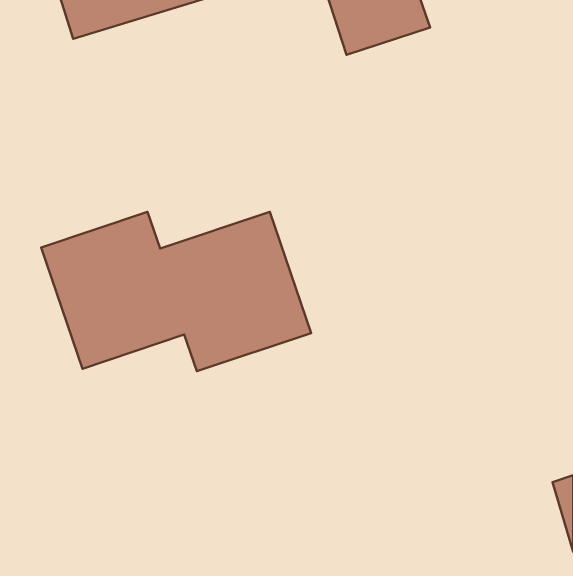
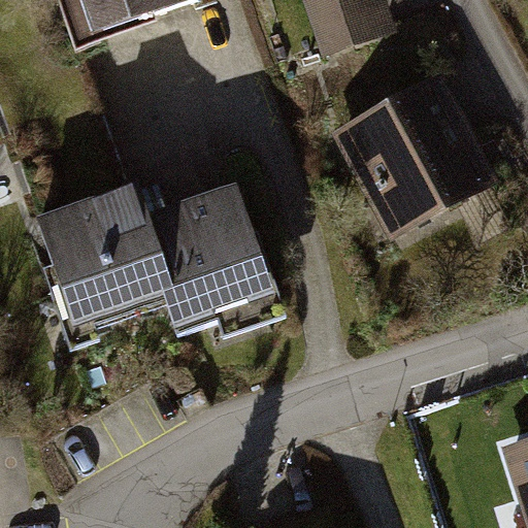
building: none -> [327,63,495,234]

